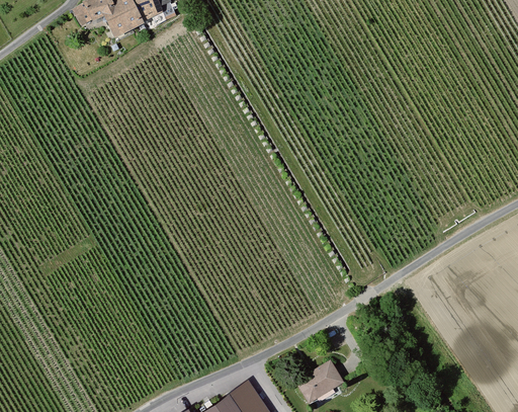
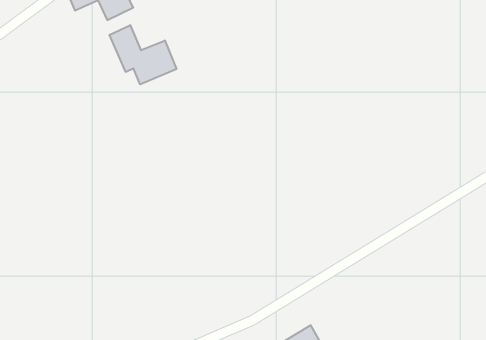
building: none -> [109,25,176,84]

